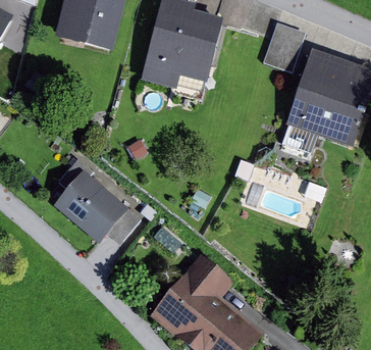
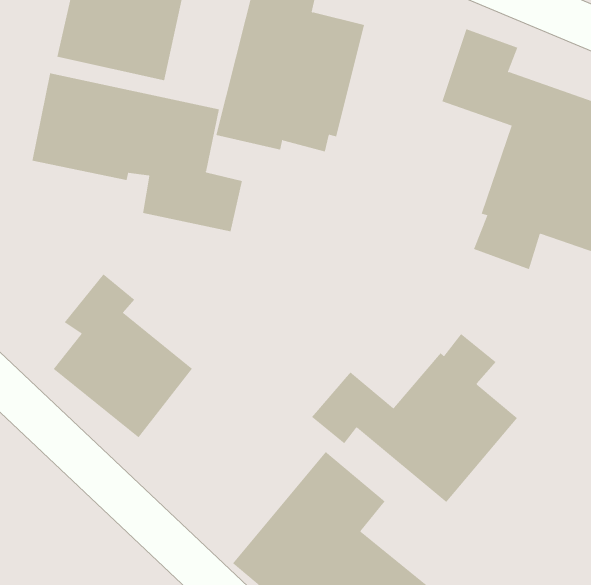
building: none -> [32,72,243,232]
building: none -> [311,333,518,503]

